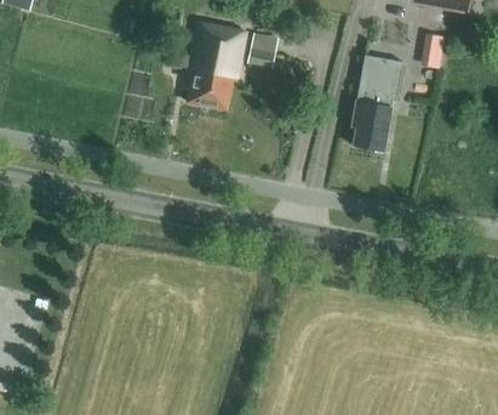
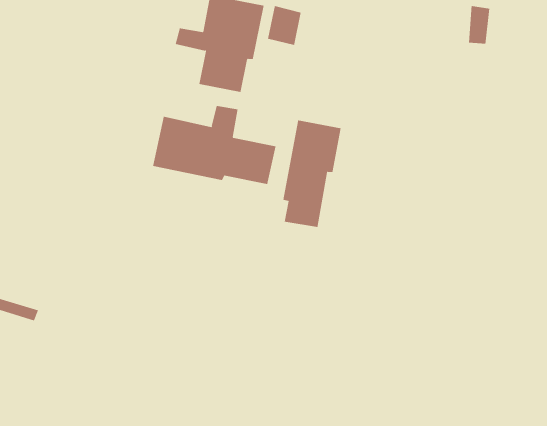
building: [353,56,405,150] -> [282,120,342,227]
building: none -> [153,105,276,185]

